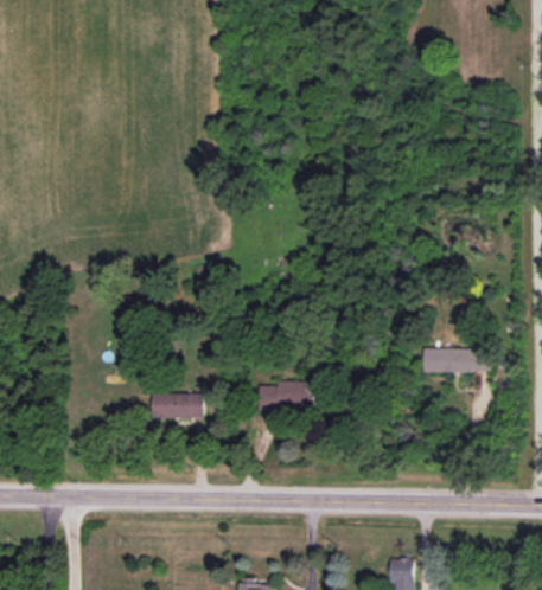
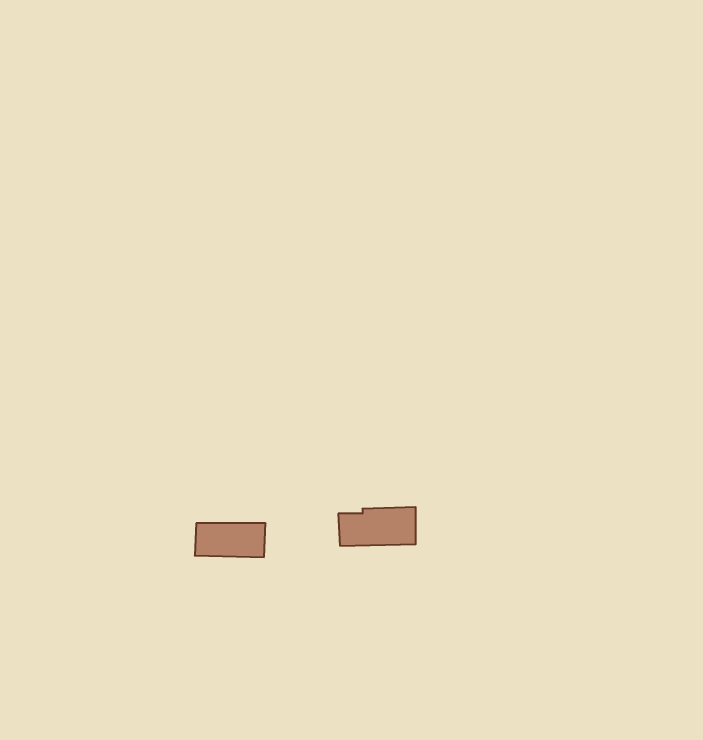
building: [422,348,490,373] -> none

